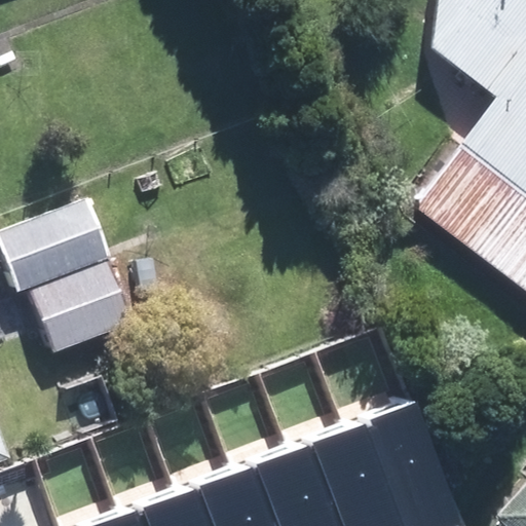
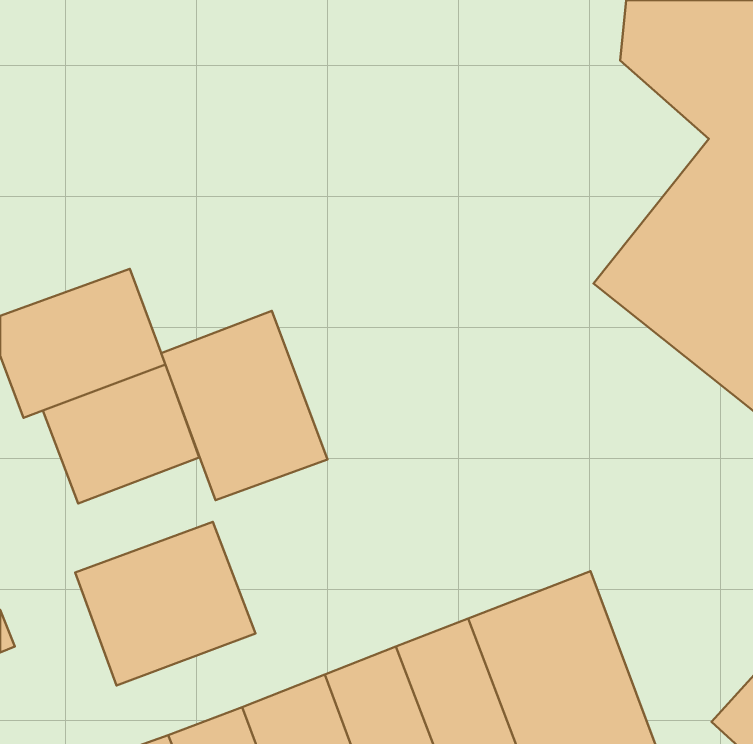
building: none -> [161,311,327,500]
building: none -> [75,522,256,685]

